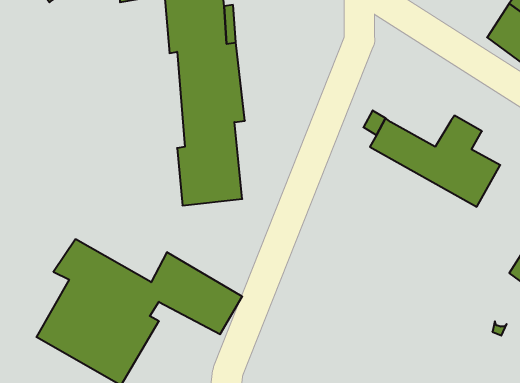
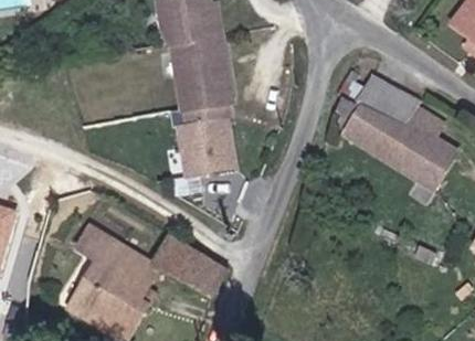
building: none -> [359,77,418,131]

